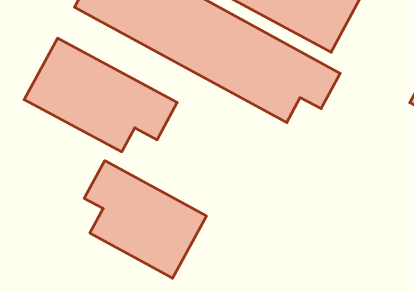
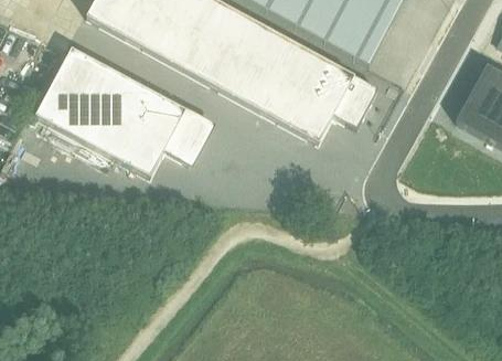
building: [84,161,206,278] -> none

